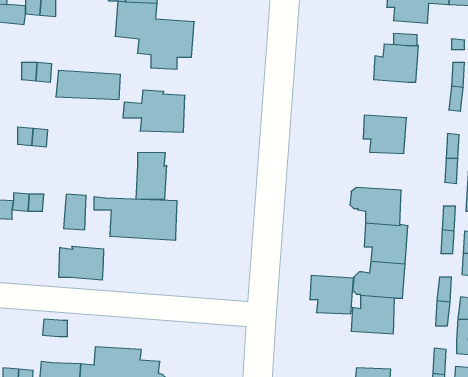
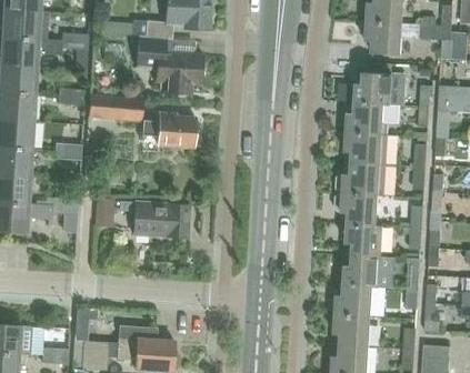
building: none -> [347,102,383,134]
building: none -> [336,163,380,195]
building: [136,152,166,200] -> none
building: [59,246,104,280] -> none
building: [310,276,353,314] -> [334,314,371,346]

